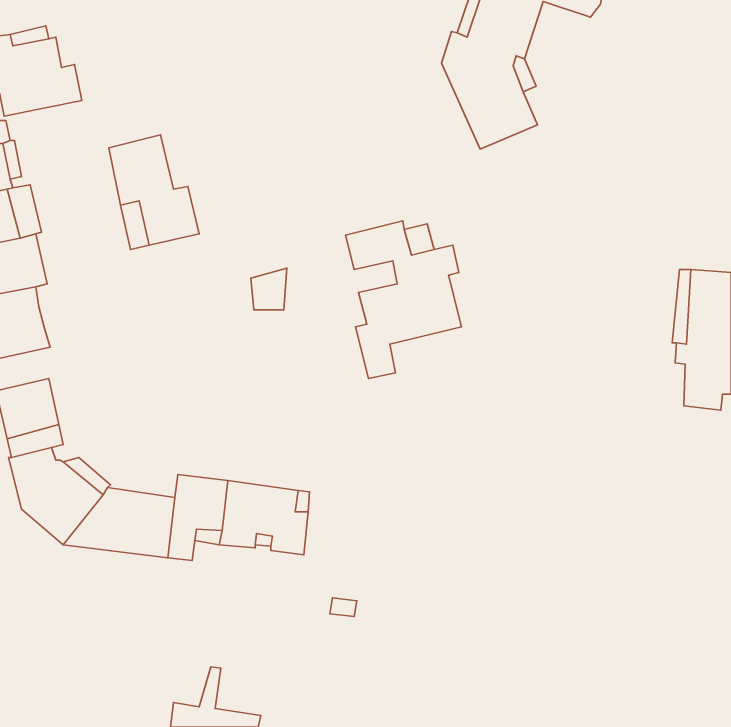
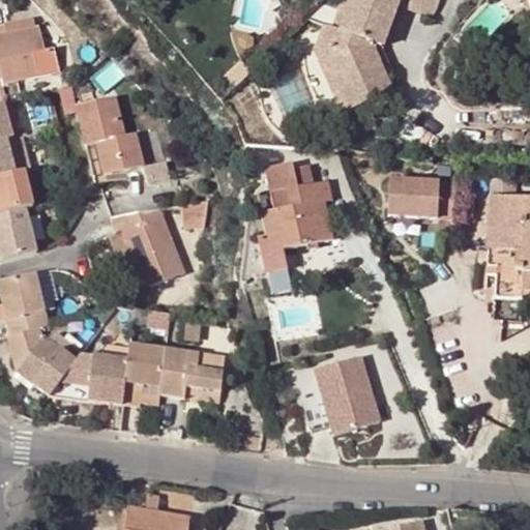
building: none -> [387,178,453,218]
building: none -> [112,204,184,290]
building: none -> [303,354,380,433]

